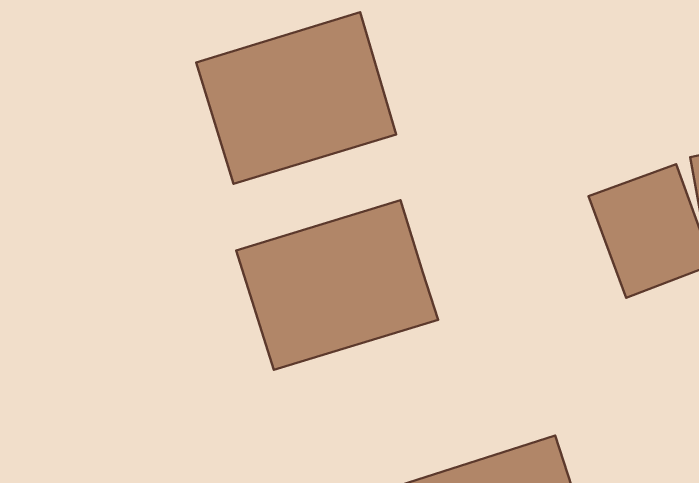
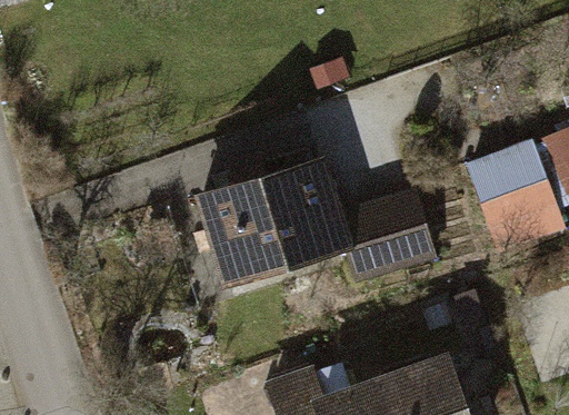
building: [196,12,396,184] -> none
building: none -> [341,195,437,288]

